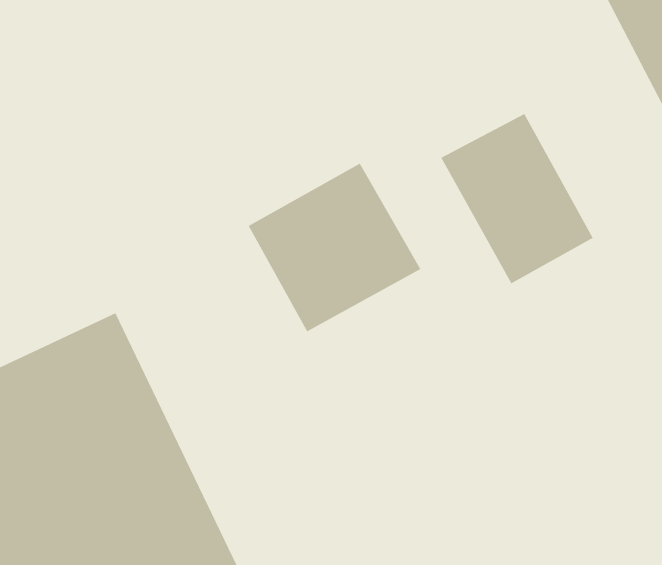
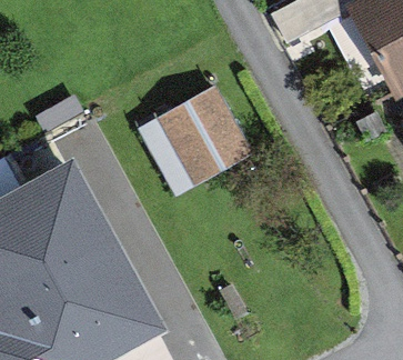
building: [440,113,593,284] -> none

